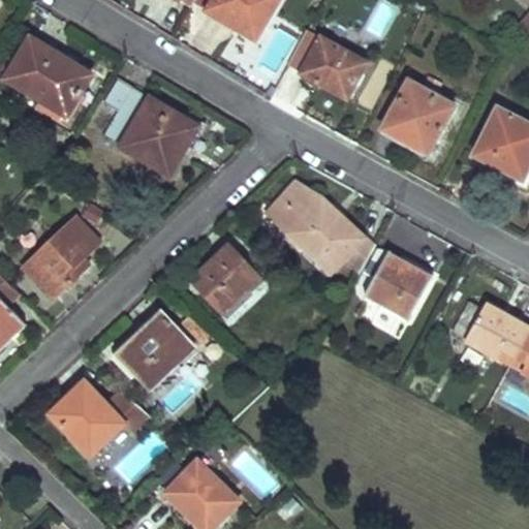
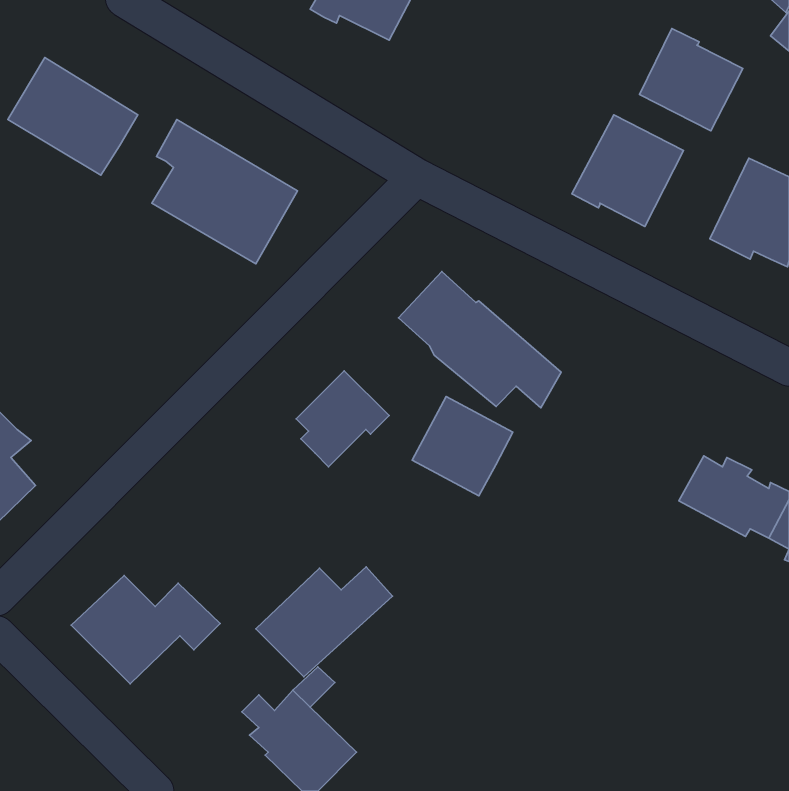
building: none -> [640,28,743,131]
building: [301,34,366,94] -> none
building: [24,218,97,298] -> none
building: [365,254,432,320] -> [412,397,513,496]
building: [117,312,208,385] -> [256,567,392,677]

